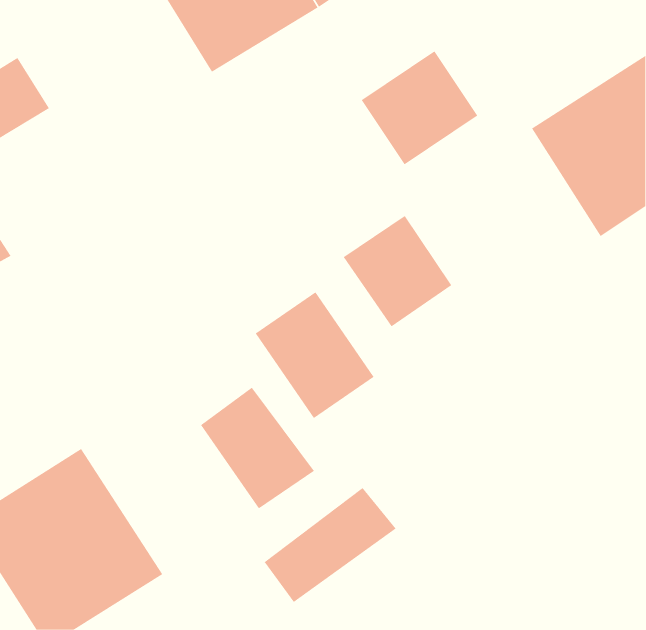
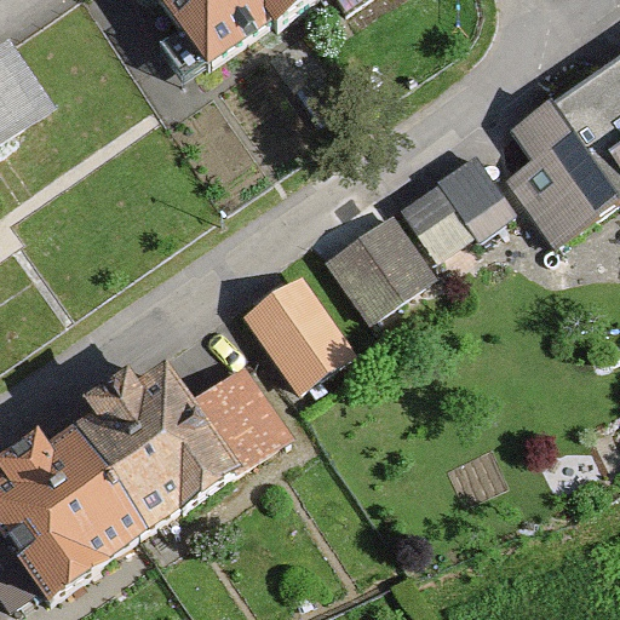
building: [361,51,478,165] -> [398,150,510,259]
building: none -> [78,369,246,546]
building: [264,487,396,603] -> none

